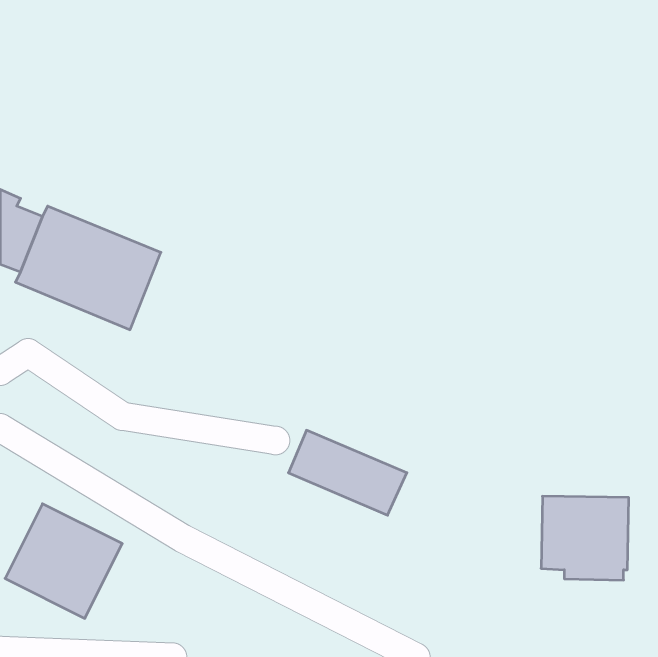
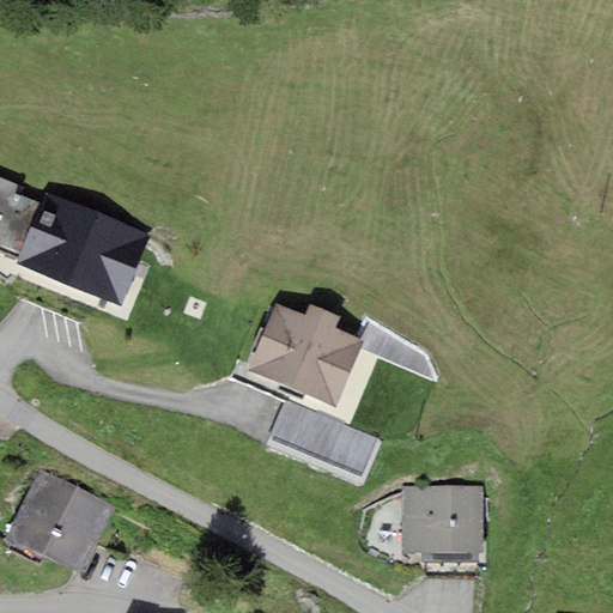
building: none -> [247,303,363,406]
building: [541,496,629,580] -> [401,484,482,562]

